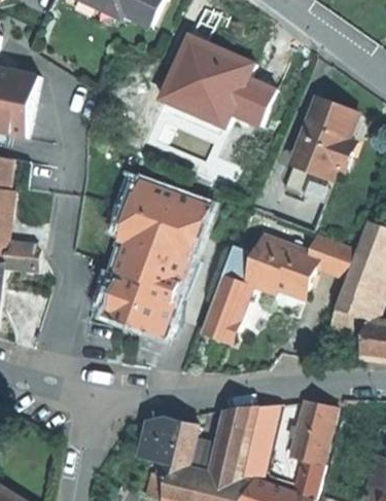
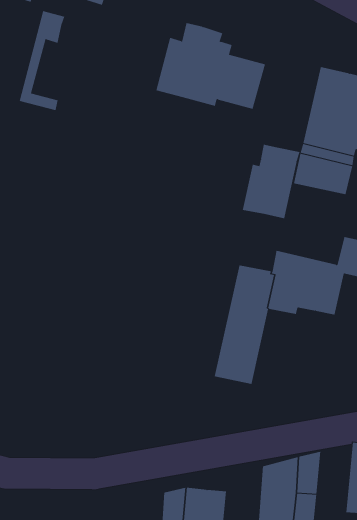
building: [170,35,215,116] -> [19,10,65,111]
building: none -> [242,144,300,219]
building: [104,184,207,331] -> none

